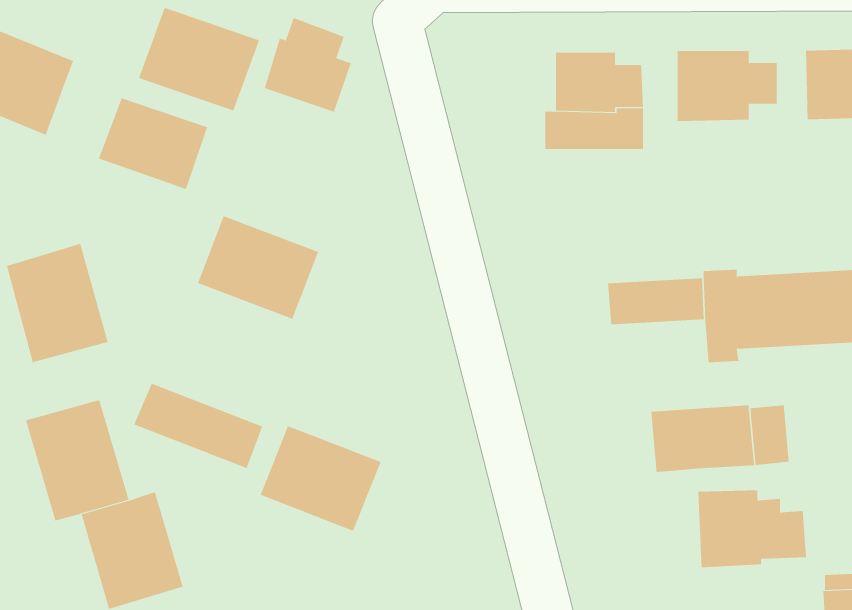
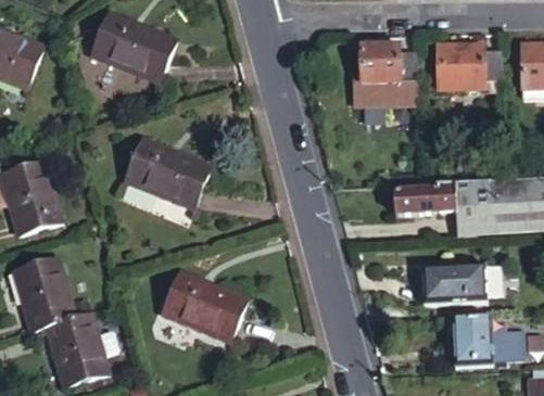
building: [264,17,351,113] -> none
building: [98,98,208,190] -> none
building: [133,383,263,469] -> none

